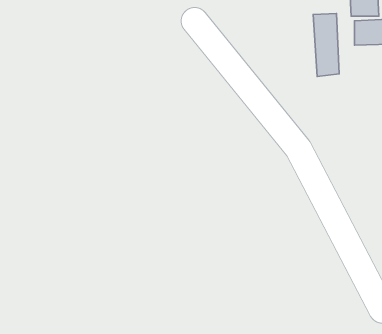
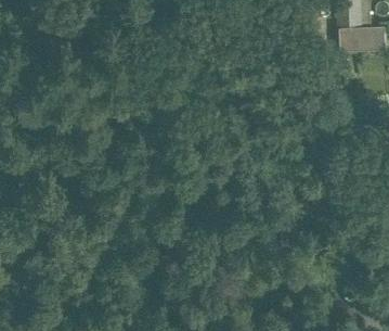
building: [313,14,339,76] -> none

